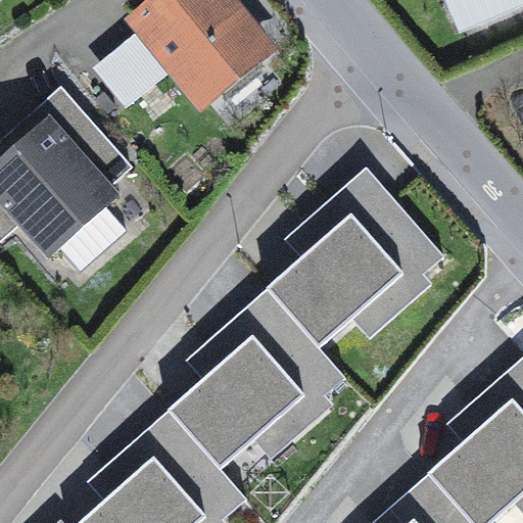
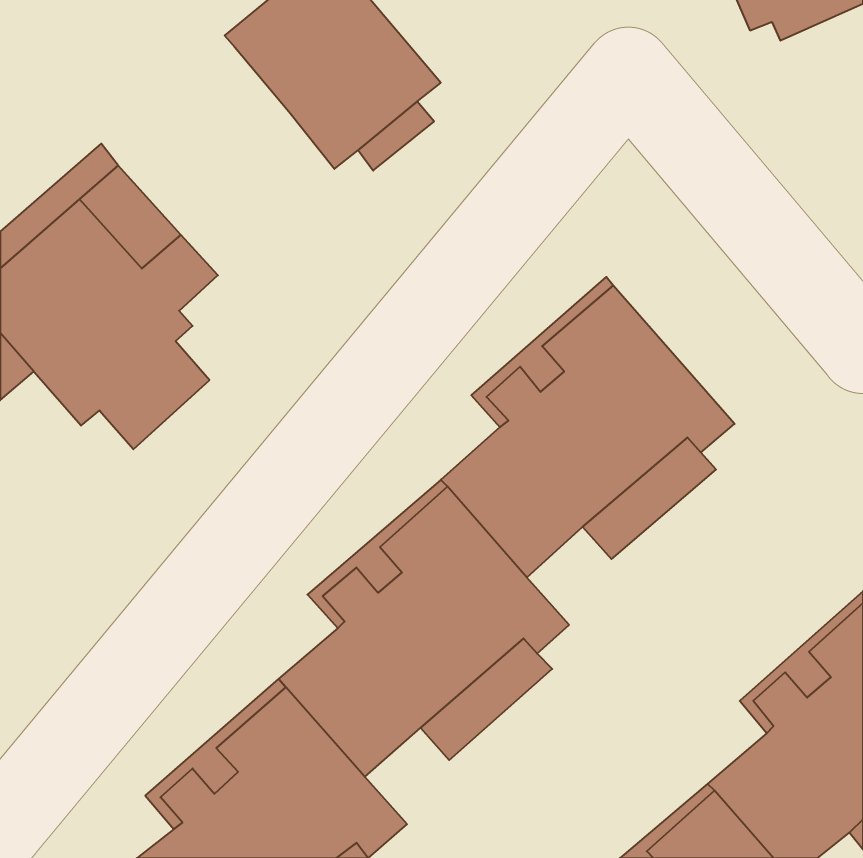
building: [94,29,175,107] -> none

